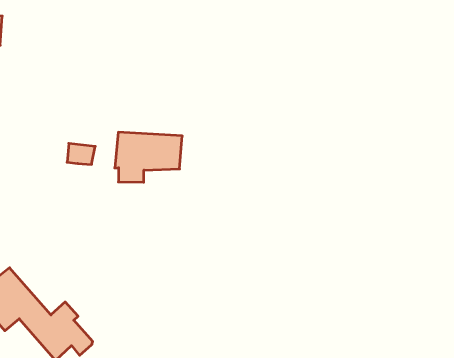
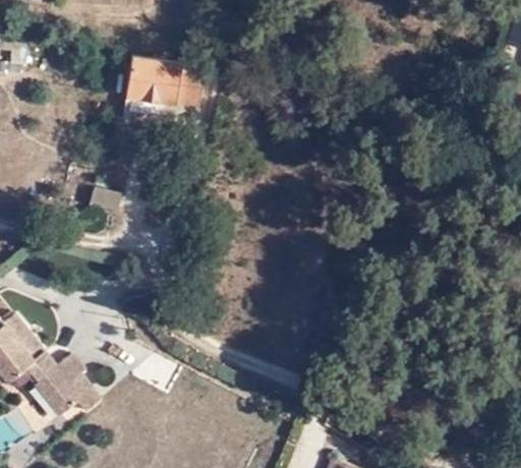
building: [115,132,182,182] -> [124,59,199,115]

